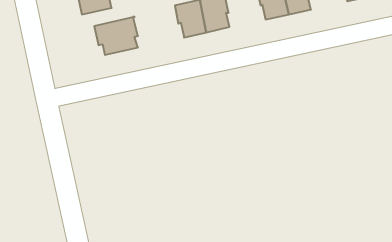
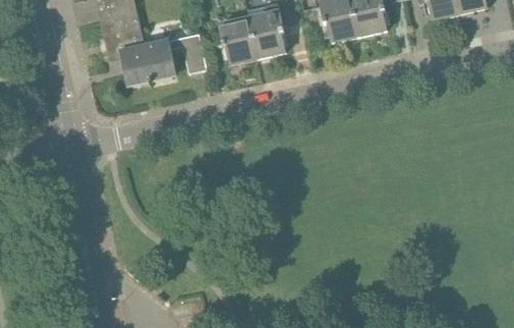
building: none -> [181,38,206,72]

